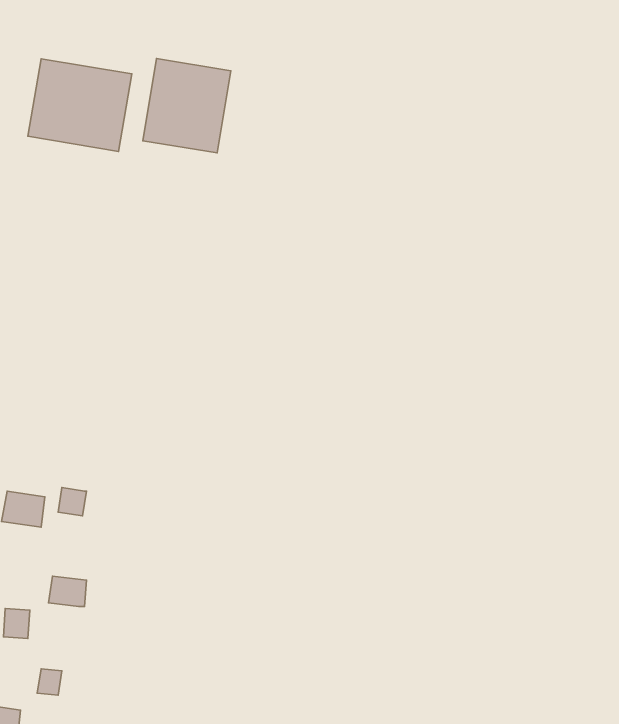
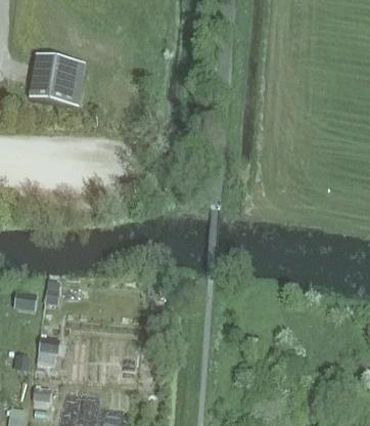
building: [143,59,231,153] -> none

